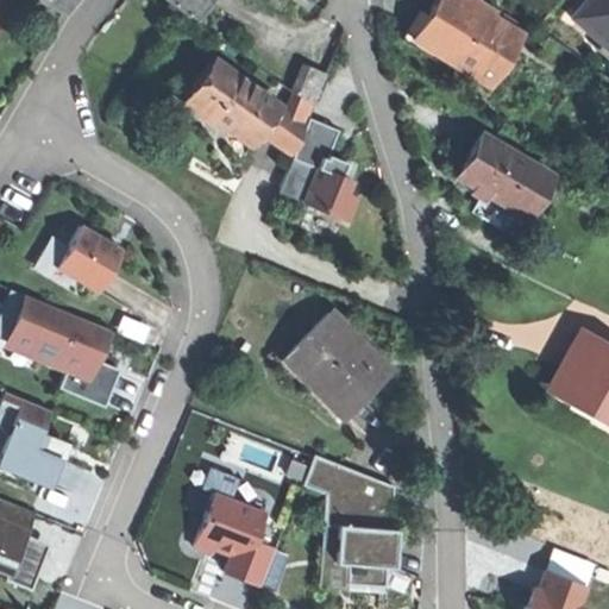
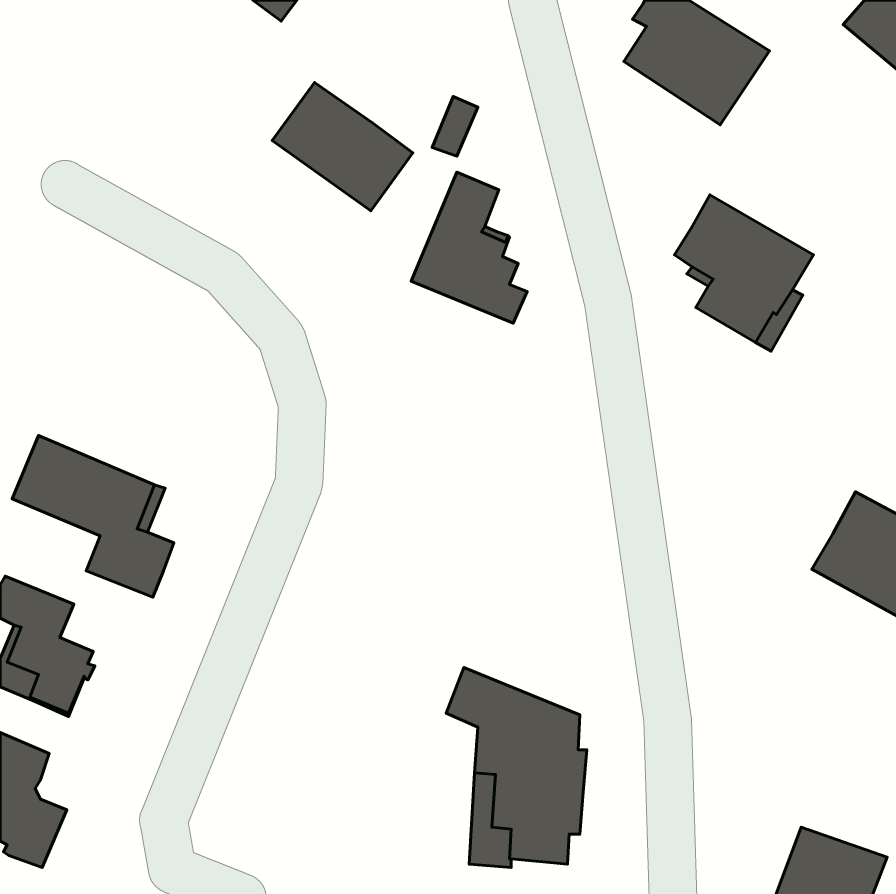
building: [262,106,306,155] -> none
building: [56,226,121,291] -> none
building: [294,313,389,415] -> none
building: [194,494,277,588] -> none

